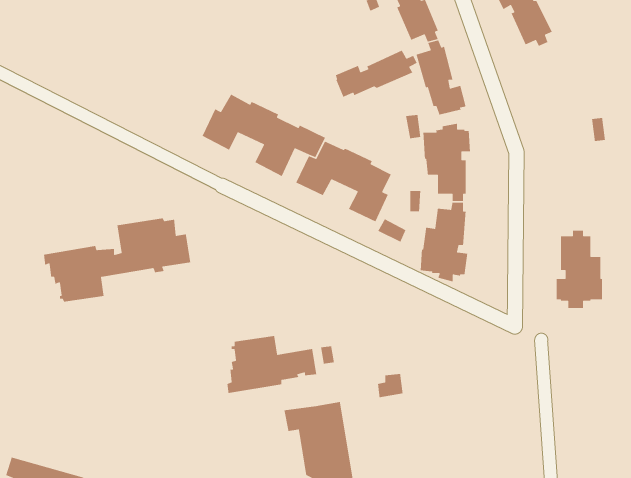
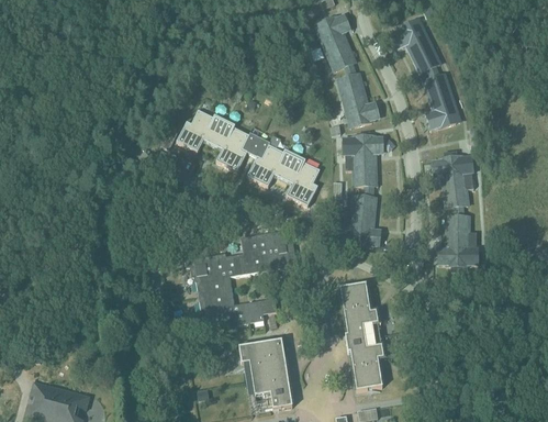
building: none -> [423,70,456,127]
building: [335,50,418,98] -> none
building: none -> [436,151,473,211]
building: [43,217,191,302] -> [186,231,297,295]
building: none -> [340,284,383,390]

